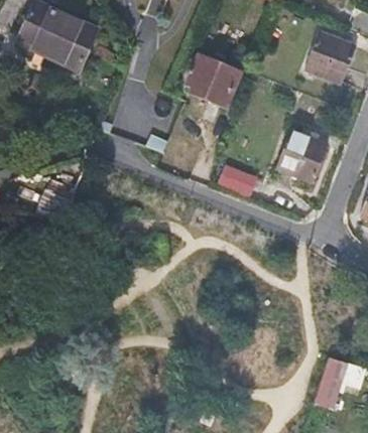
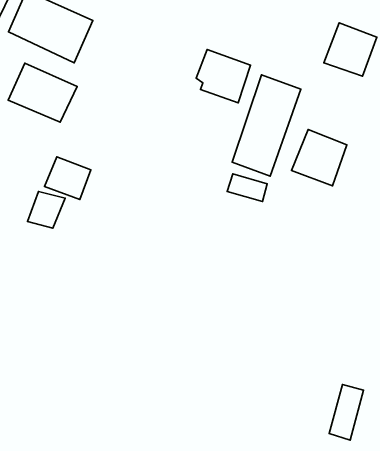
building: none -> [8,63,77,122]
building: none -> [232,75,301,176]
building: none -> [45,157,91,199]

